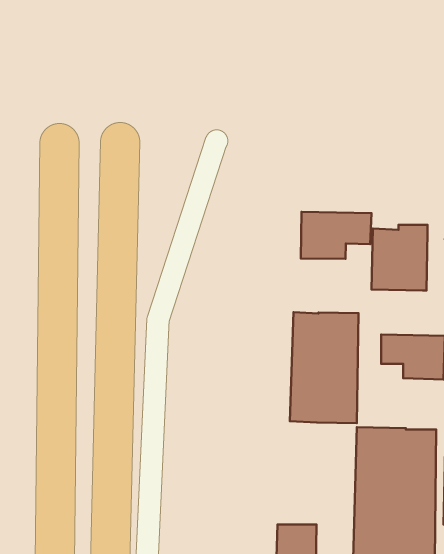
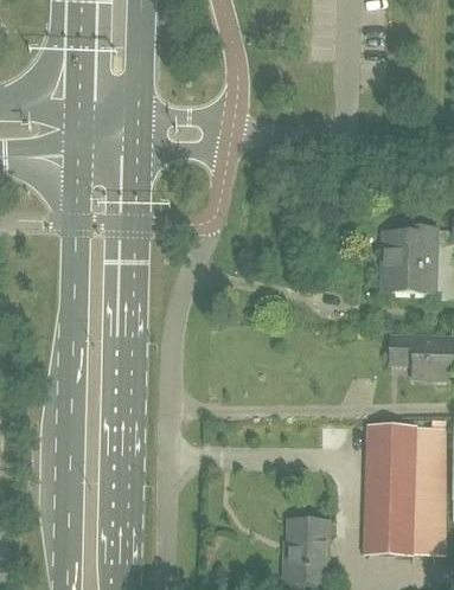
building: [301,212,371,259] -> none
building: [290,312,359,423] -> none

